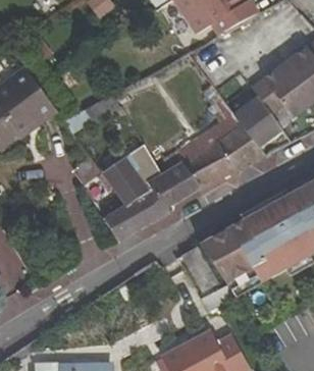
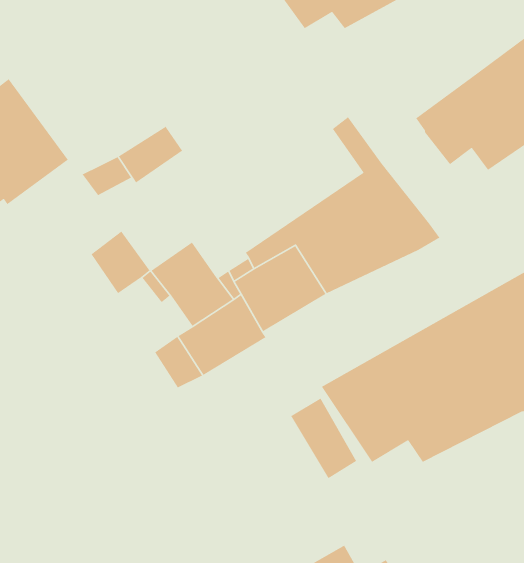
building: [232,98,282,149] -> none

